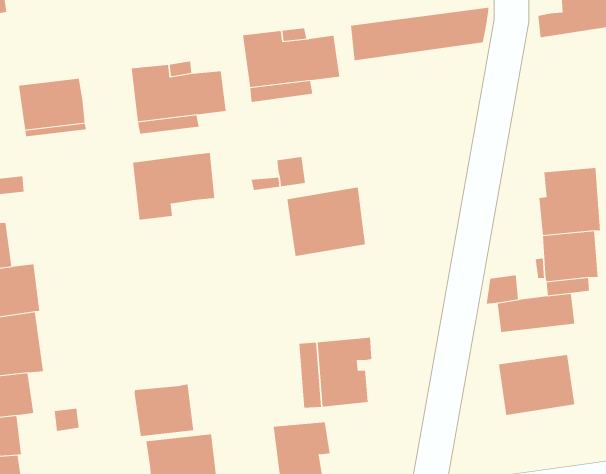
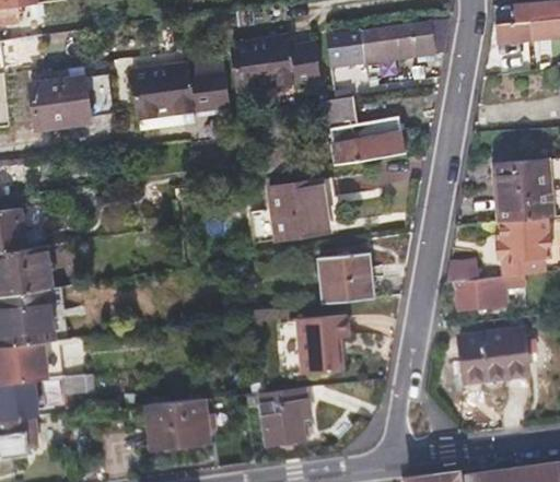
building: none -> [317,95,404,165]
building: [133,152,215,221] -> none
building: none -> [319,251,373,304]
building: [134,384,194,437] -> none

